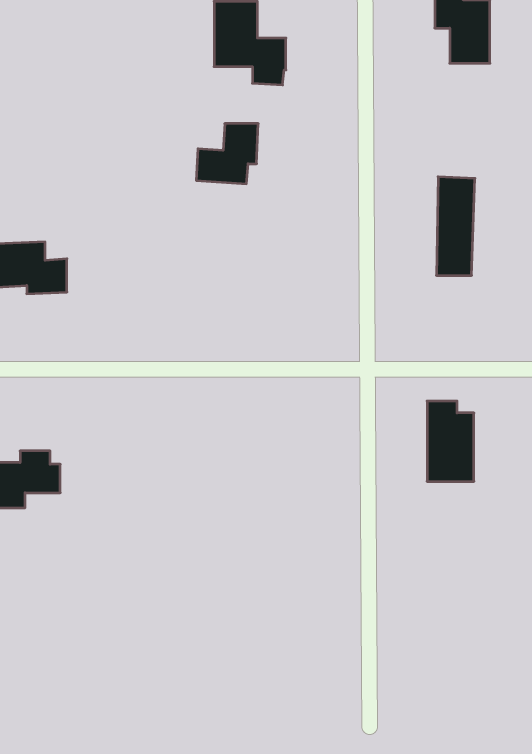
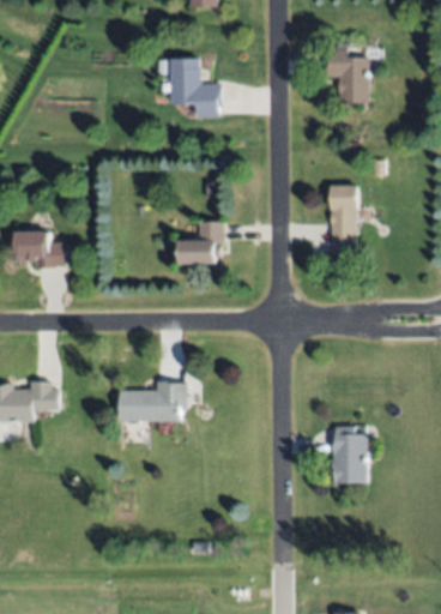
building: [196,124,258,184] -> [180,221,224,264]
building: [427,401,474,481] -> [333,426,367,483]
building: none -> [121,381,189,421]

